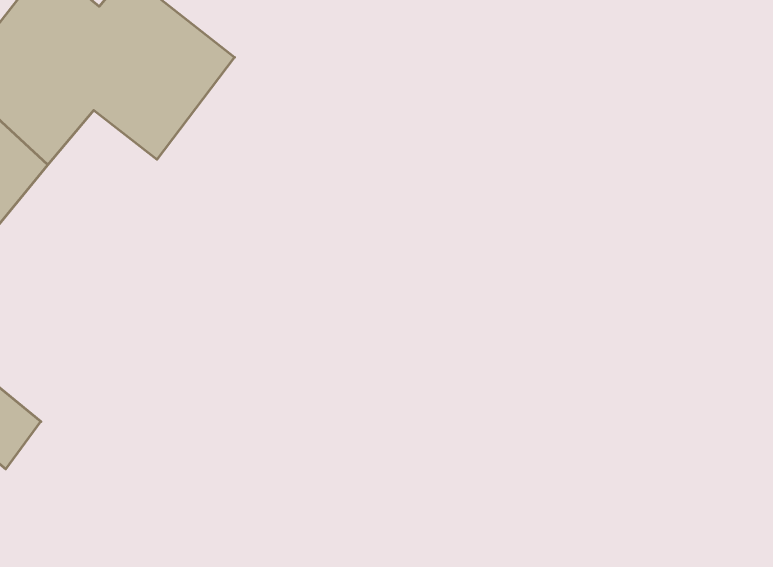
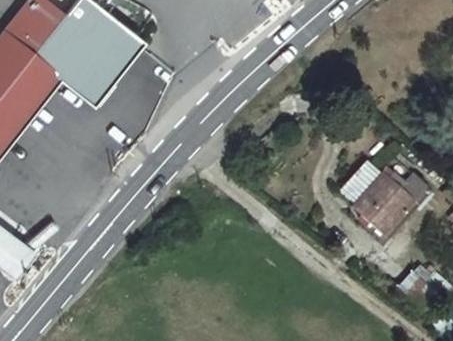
building: none -> [338,153,428,229]

